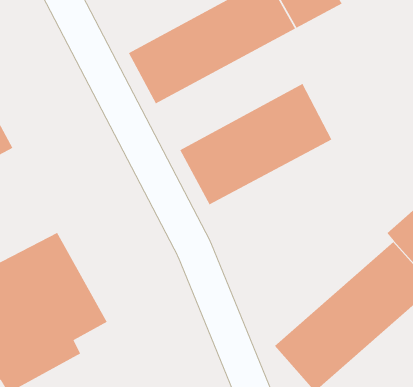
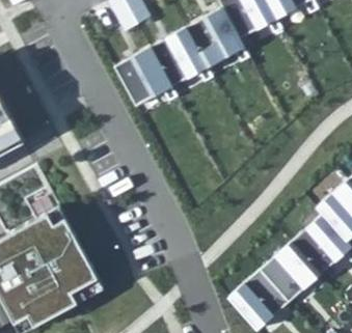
building: [179,83,332,206] -> none

